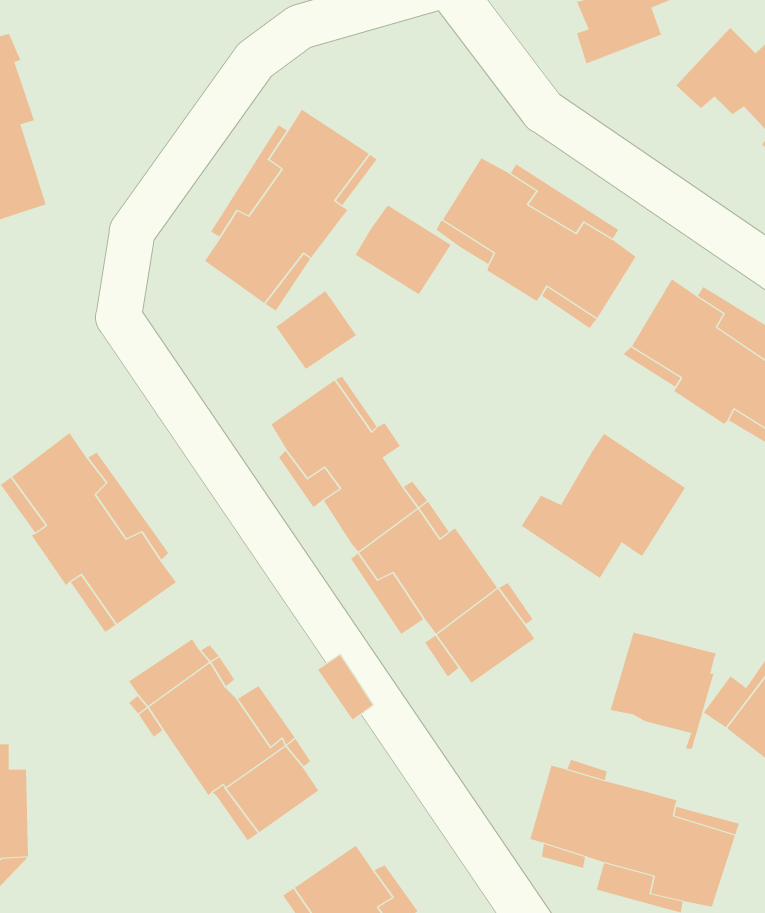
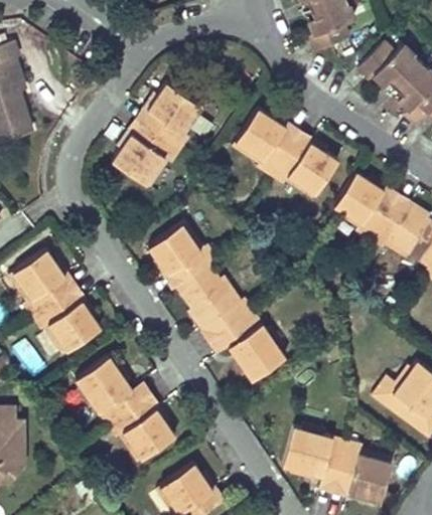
building: [355,205,452,295] -> none
building: [276,290,357,370] -> none
building: [521,433,686,579] -> none
building: [610,632,717,749] -> none

